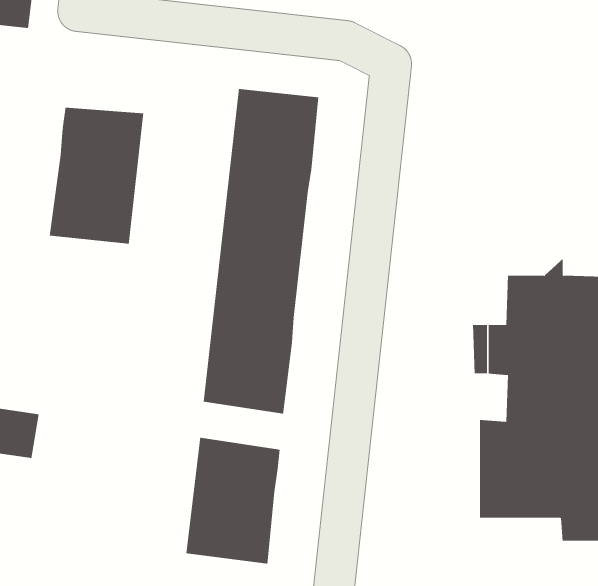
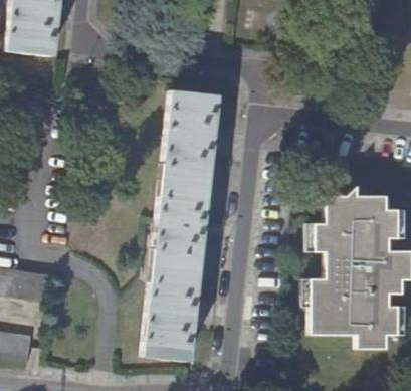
building: [49,107,144,245] -> none
building: none -> [151,269,199,297]

